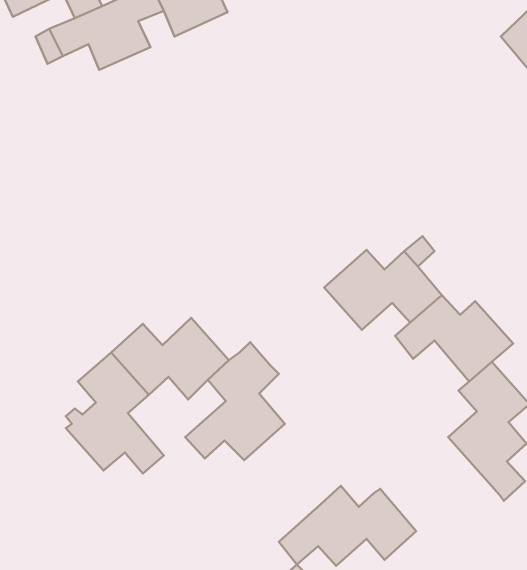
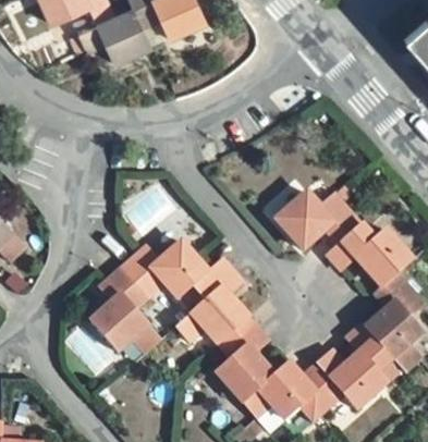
building: none -> [216,317,273,402]
building: none -> [316,323,402,409]

